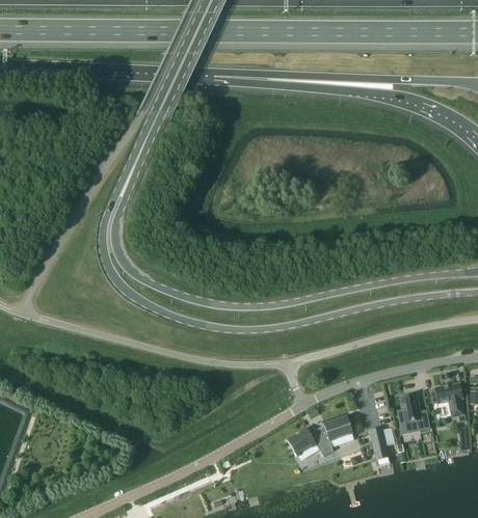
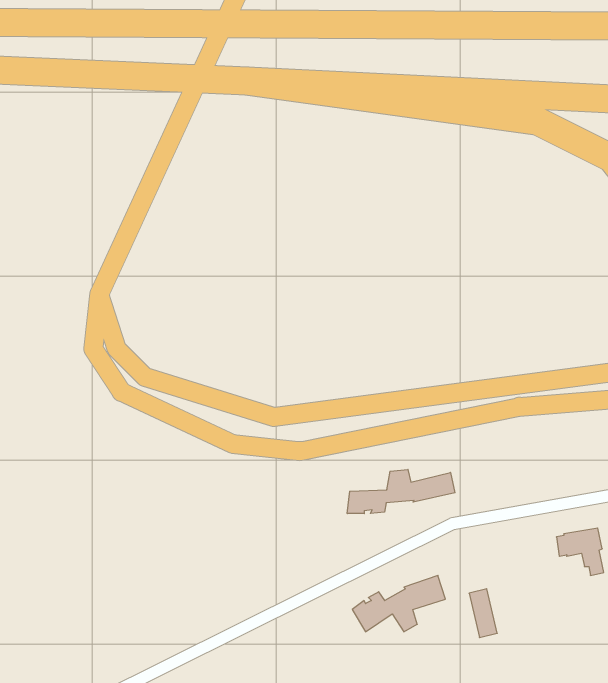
building: none -> [347,469,455,514]
building: [397,394,429,432] -> none

